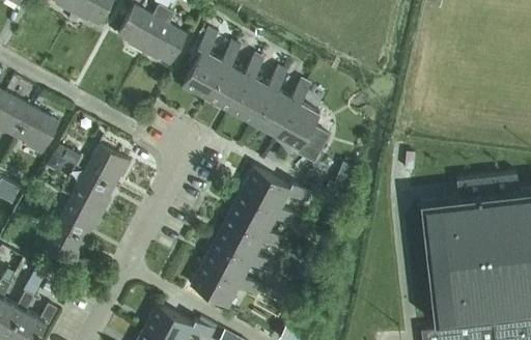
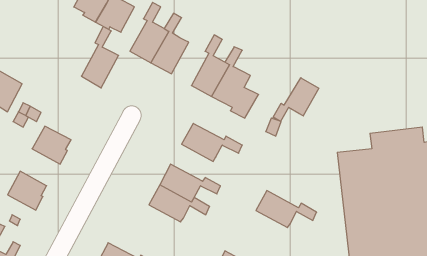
building: [230,54,273,124] -> [81,26,119,88]
building: none -> [273,78,319,121]
building: [85,144,132,187] -> none
building: [229,192,299,234] -> [256,191,317,228]
building: [57,197,103,239] -> none
building: [192,261,261,305] -> none

